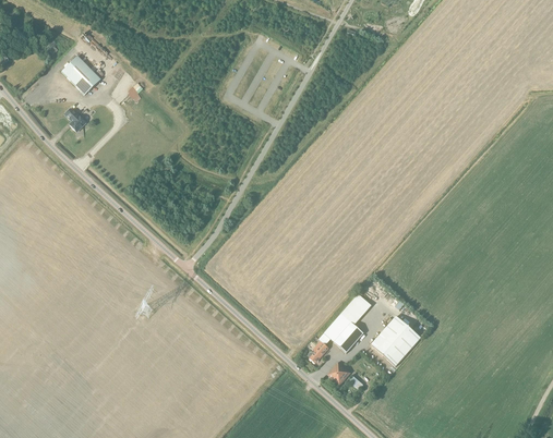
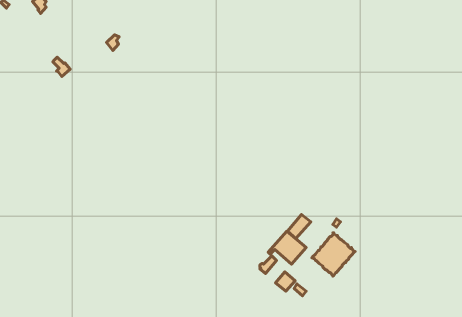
building: [61,54,100,94] -> none

